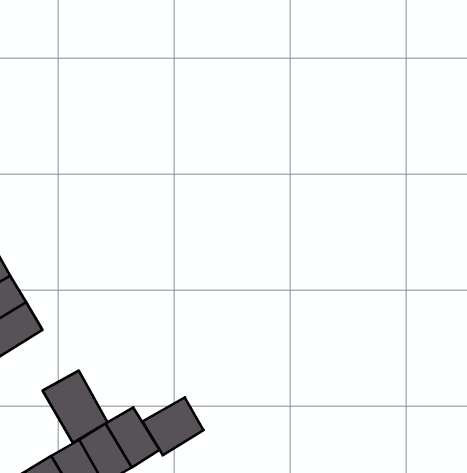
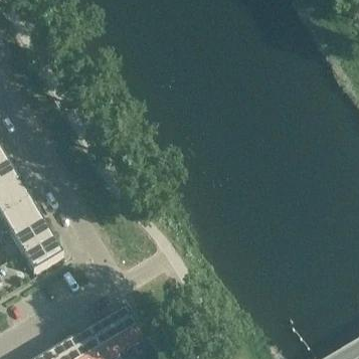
building: [43,371,108,443] -> none
building: [143,397,204,455] -> none

